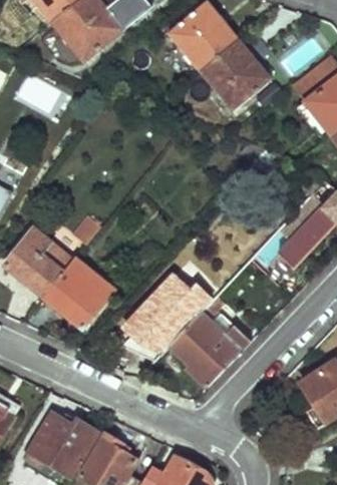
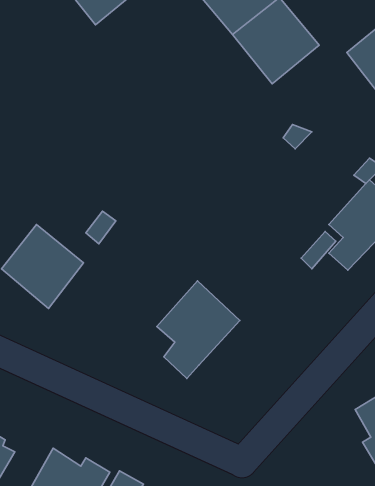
building: [45,260,112,328] -> none
building: [171,294,253,387] -> none

